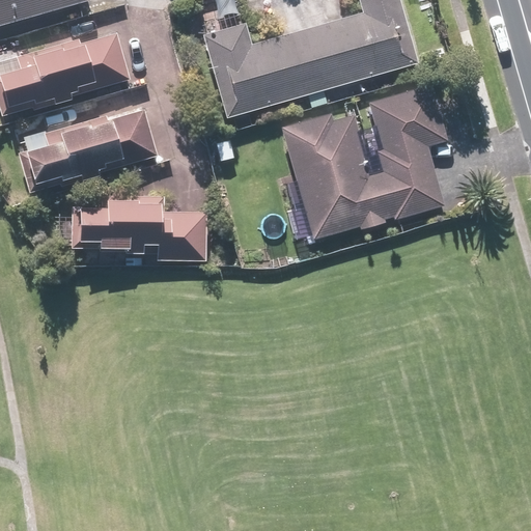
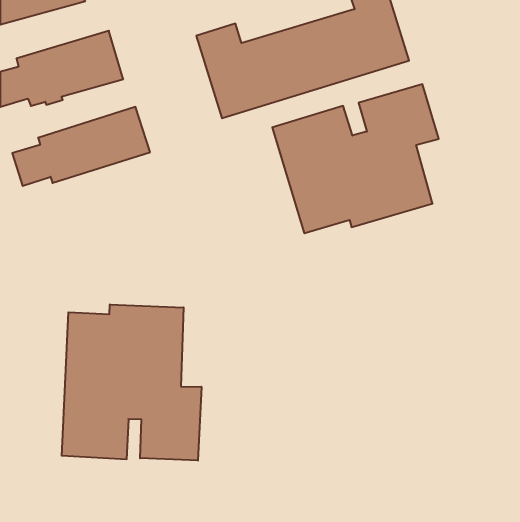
building: [73,196,206,261] -> none
building: none -> [62,304,201,461]

